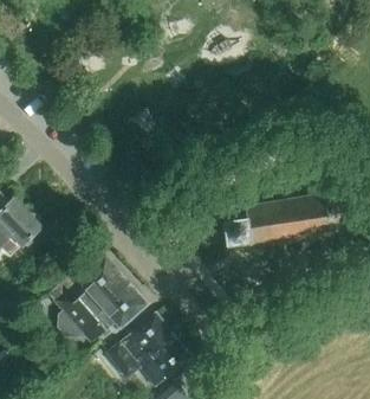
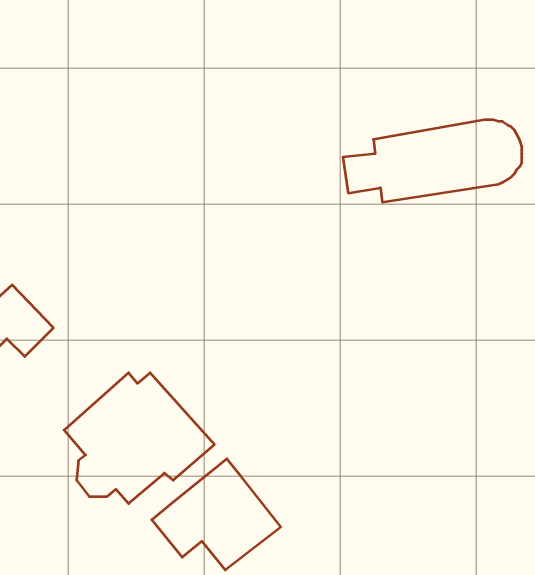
building: [225,193,343,247] -> [343,120,522,202]

